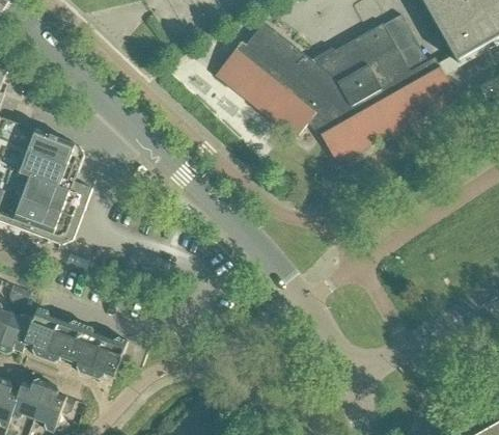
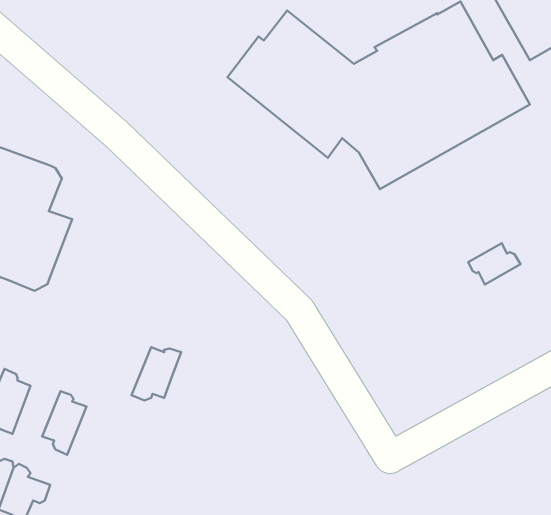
building: none -> [468,243,521,284]
building: [44,319,82,361] -> none
building: [87,335,127,378] -> [132,347,181,400]

